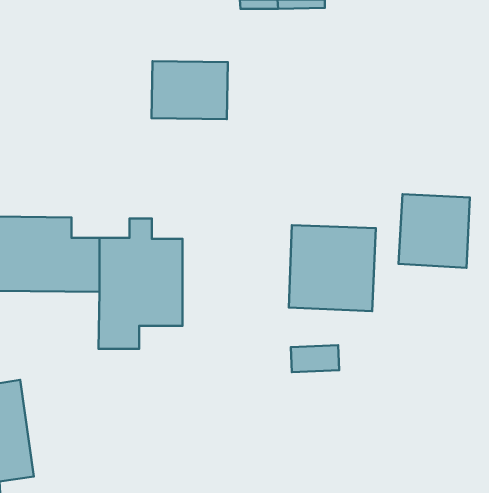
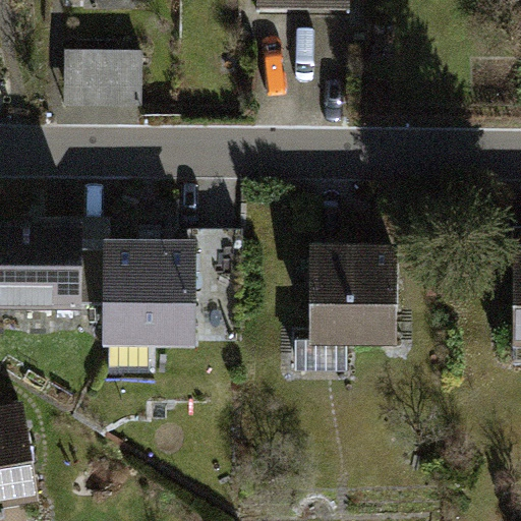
building: [151,61,228,119] -> [65,51,146,112]
building: [399,194,470,268] -> none

